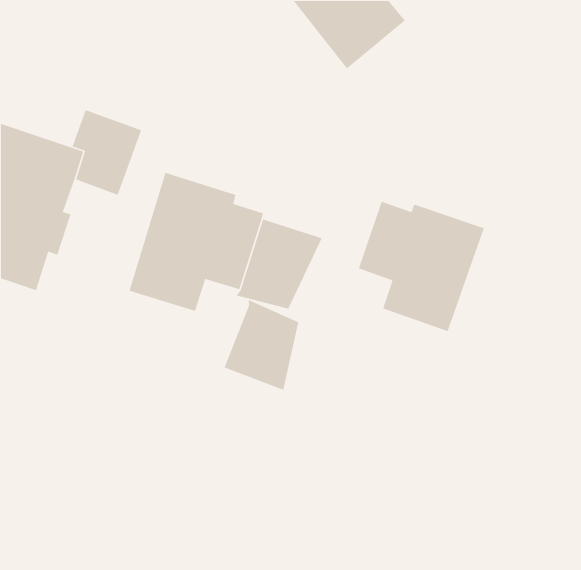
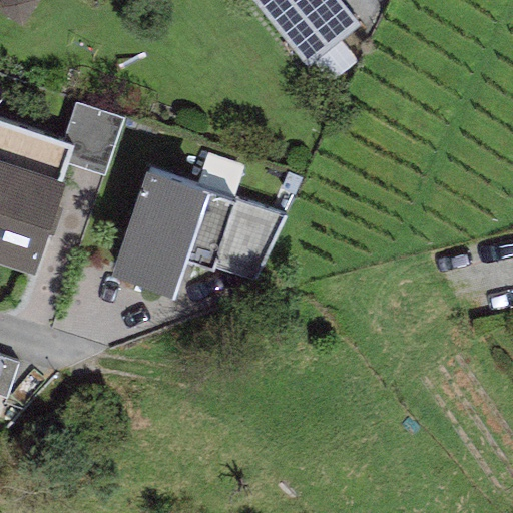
building: [358,201,485,332] -> none
building: [223,299,299,391] -> none

